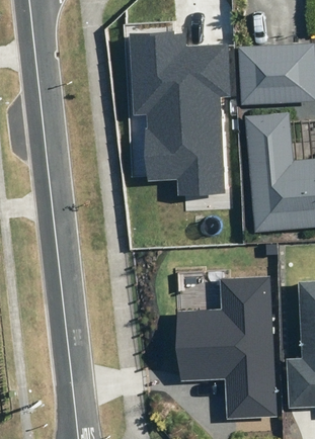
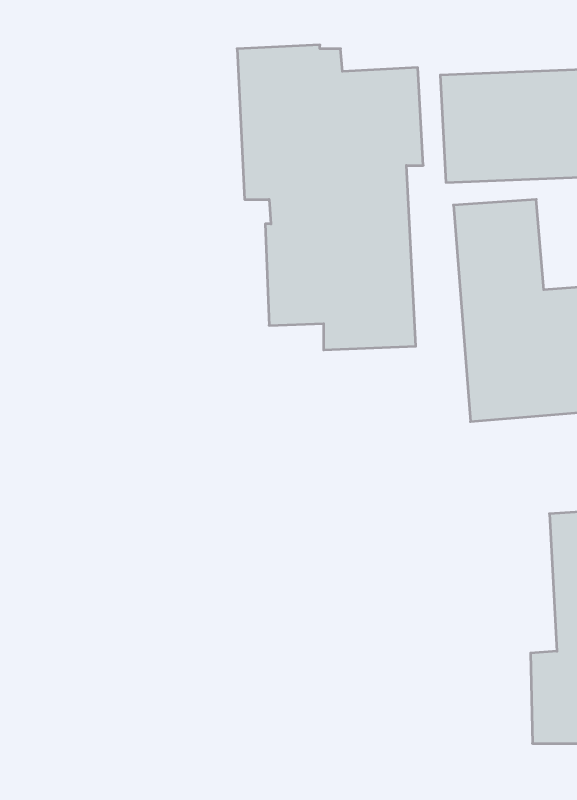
building: [176,275,275,418] -> none

